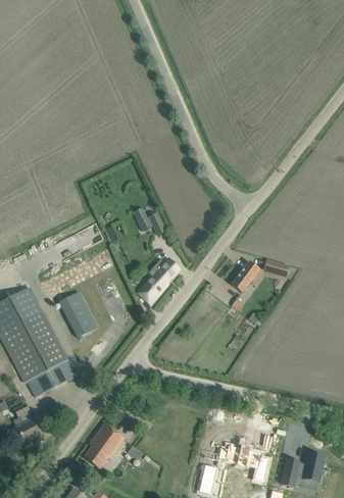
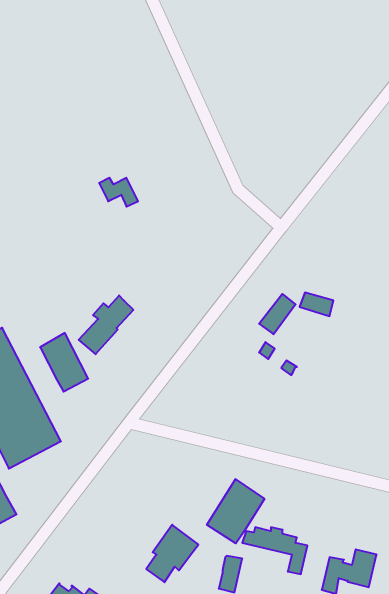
building: [136,212,166,235] -> [99,178,138,207]
building: [137,257,180,303] -> [79,295,133,354]
building: none -> [207,479,264,543]
building: [84,422,125,467] -> [146,525,198,582]

